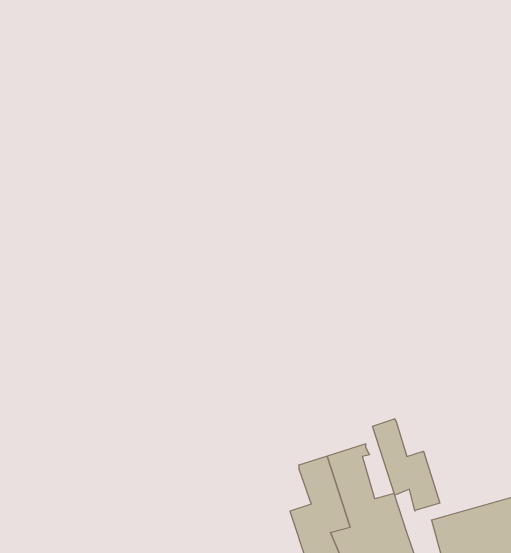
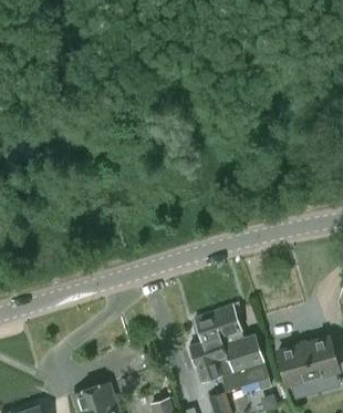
building: [372,419,440,511] -> none

